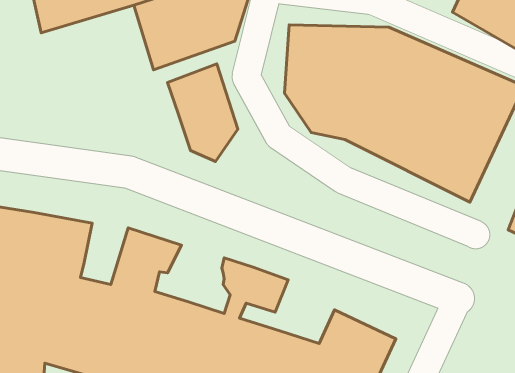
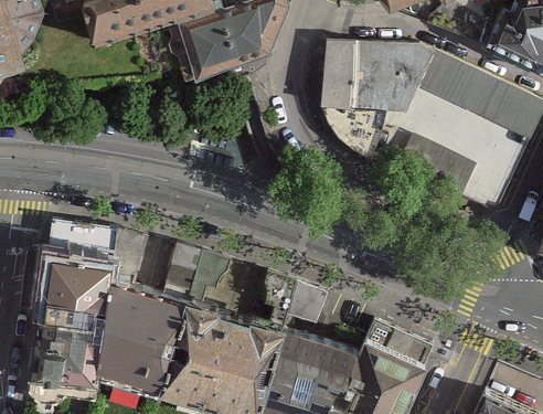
building: [167,64,238,161] -> none

